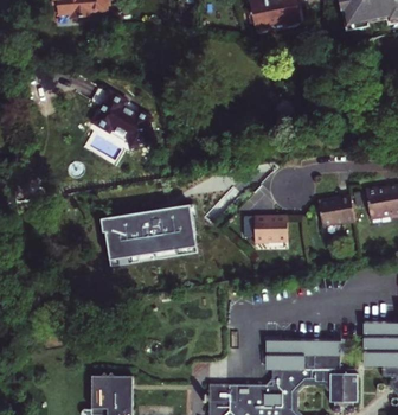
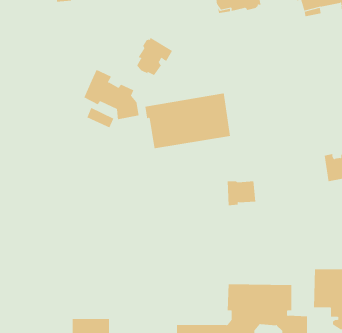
building: none -> [136,37,173,76]
building: [323,198,360,228] -> none
building: [97,200,194,263] -> [145,93,231,149]

